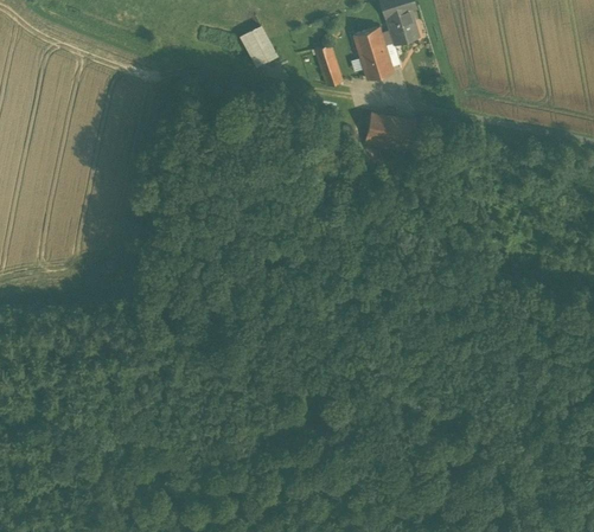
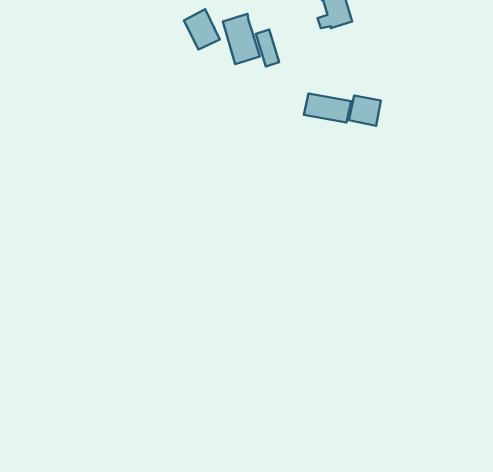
building: [355,27,394,81] -> [223,14,260,64]
building: none -> [349,96,381,126]

